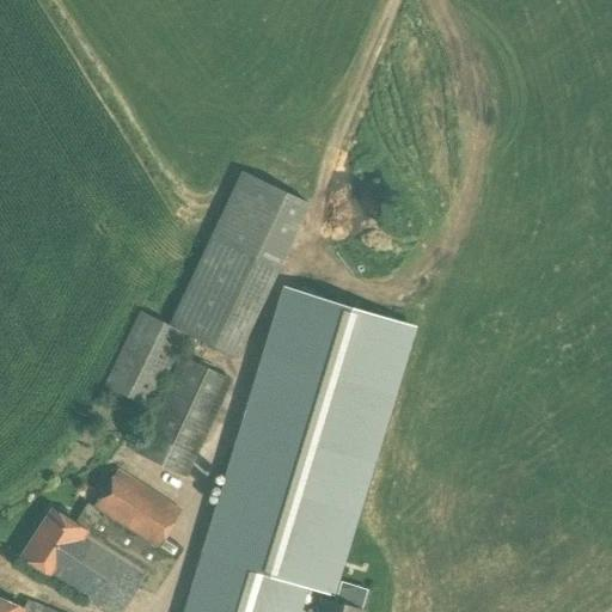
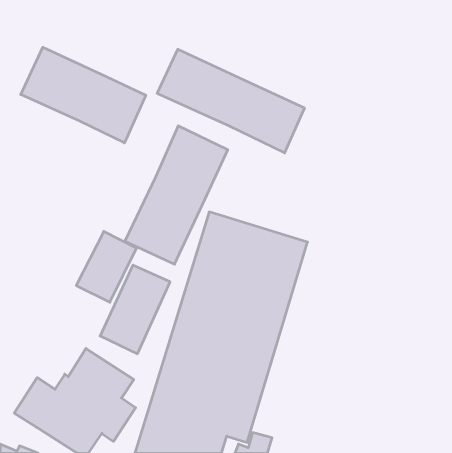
building: none -> [21,47,146,143]
building: none -> [157,49,304,153]

